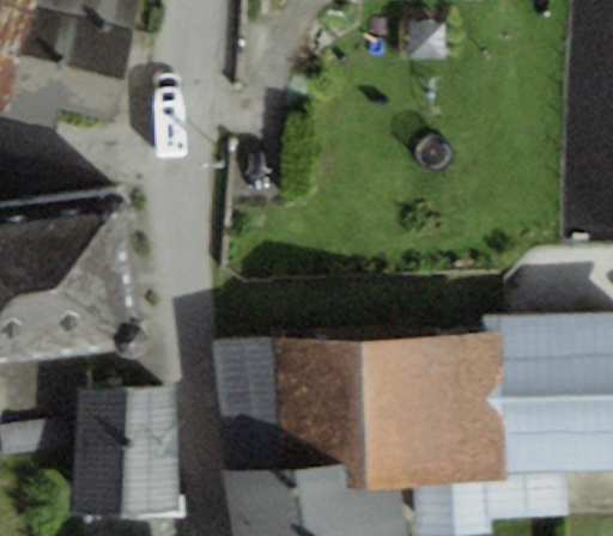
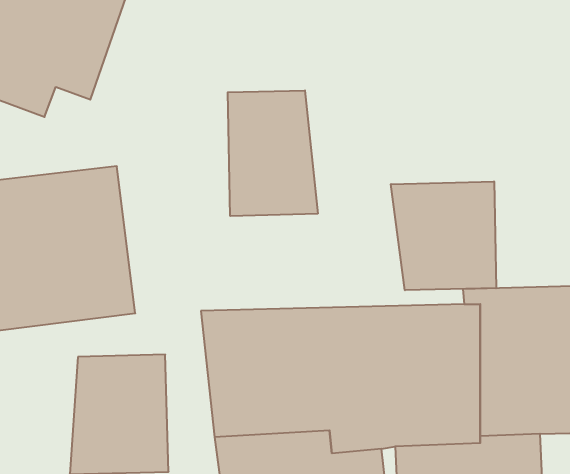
building: none -> [228,90,318,216]
building: none -> [391,181,496,290]

